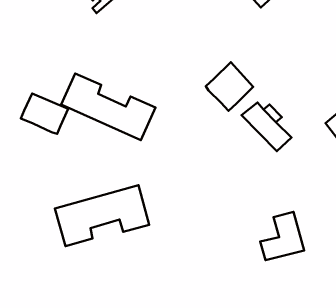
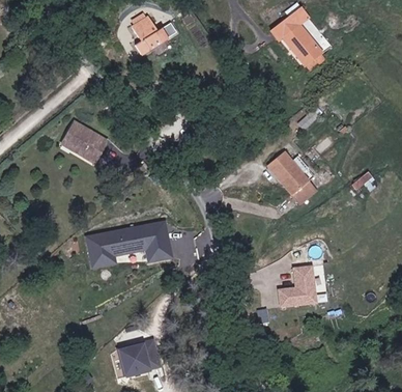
building: [206,62,253,111] -> none
building: [61,74,155,140] -> none

